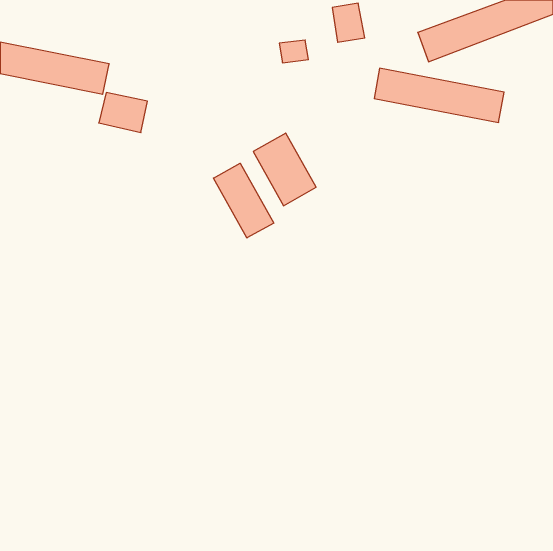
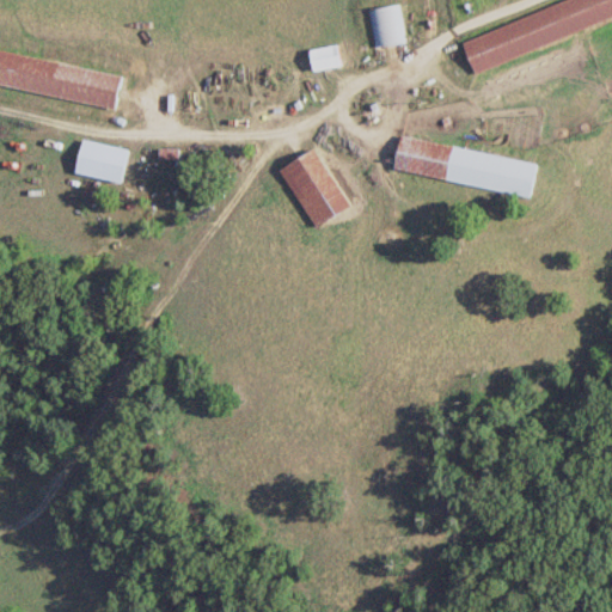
building: [374,68,504,122] -> [394,137,538,197]
building: [99,93,147,133] -> [74,141,128,185]
building: [213,163,274,238] -> none

